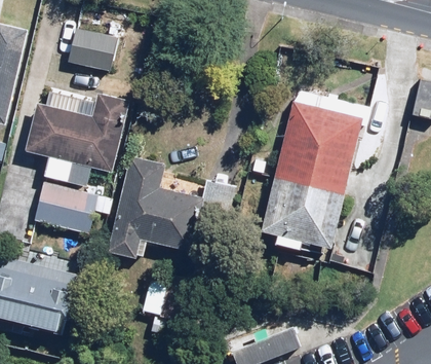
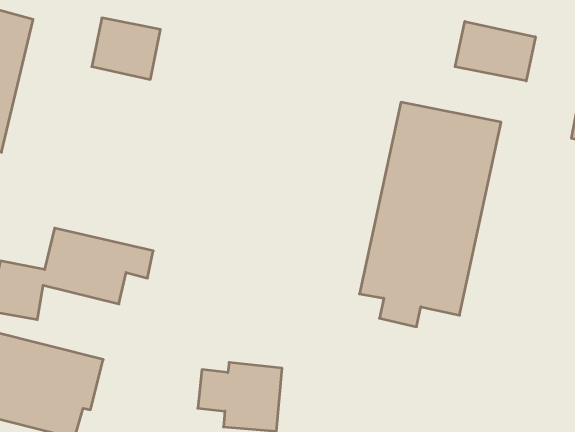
building: none -> [455,21,535,81]
building: [26,90,130,185] -> none
building: [109,157,236,255] -> none

